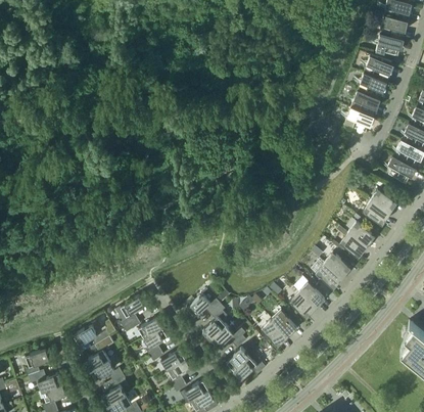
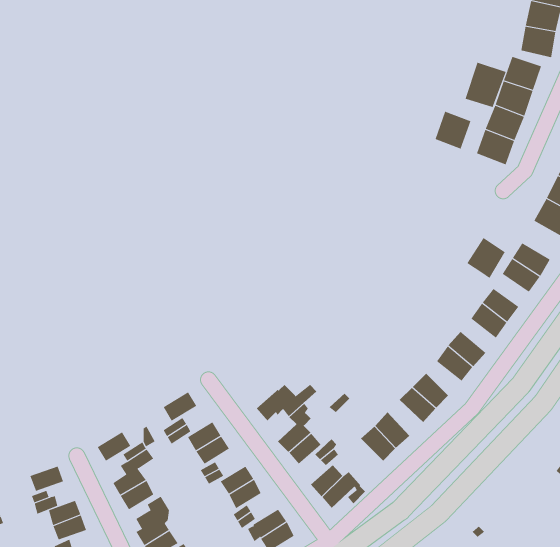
building: none -> [465,62,506,108]
building: none -> [435,111,471,150]
building: none -> [466,237,505,279]

